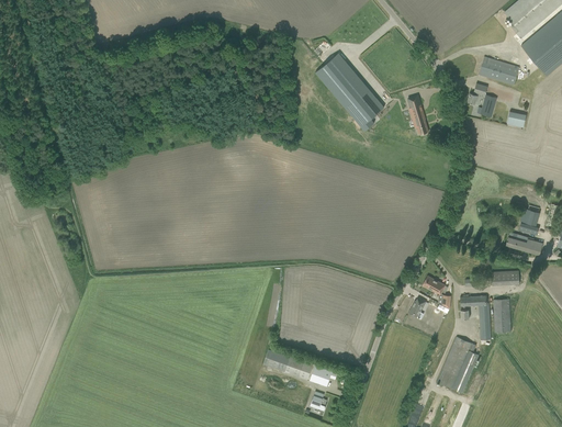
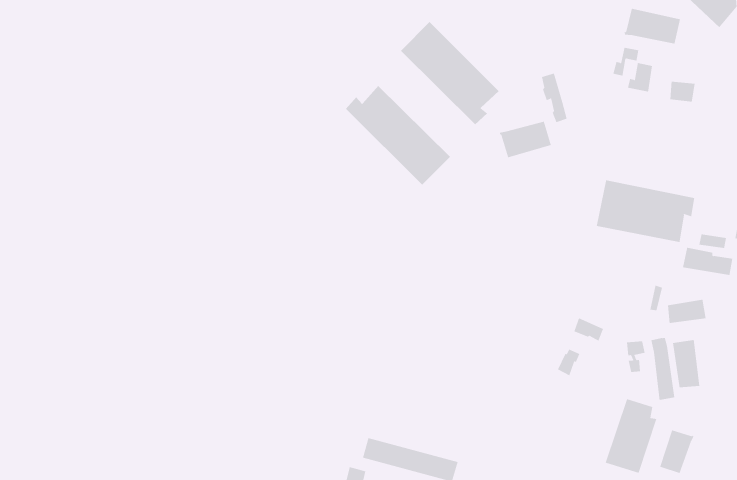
building: none -> [345,85,451,185]
building: none -> [499,121,551,158]
building: none -> [596,179,695,243]
building: none -> [660,430,694,474]

